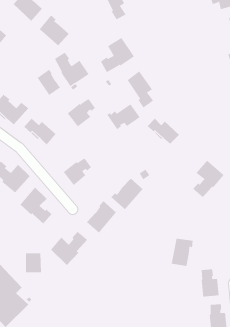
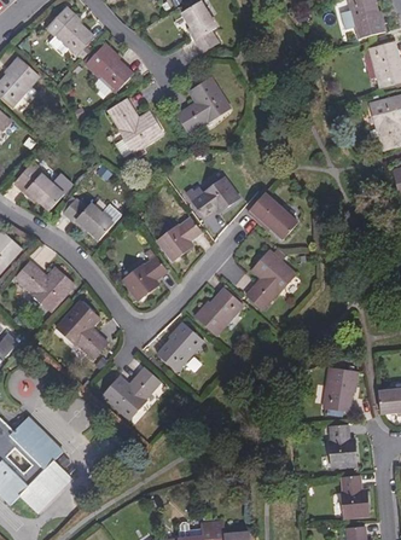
building: [37,69,61,96] -> none
building: [127,71,154,109] -> none
building: [67,98,96,127] -> [156,217,199,261]
building: [192,160,225,198] -> [246,251,295,308]
building: [171,238,194,266] -> [322,367,356,410]

